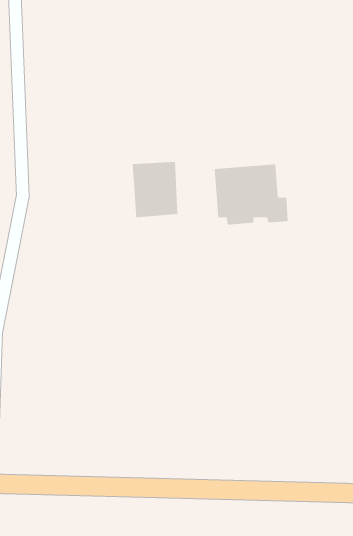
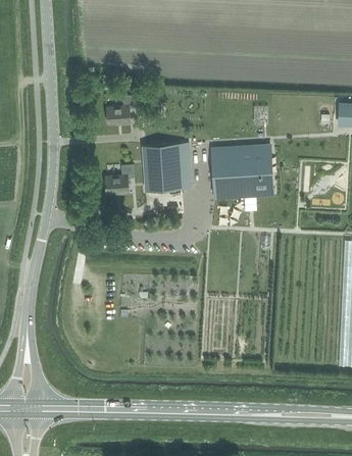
building: none -> [107,95,136,124]
building: none -> [105,164,135,194]

